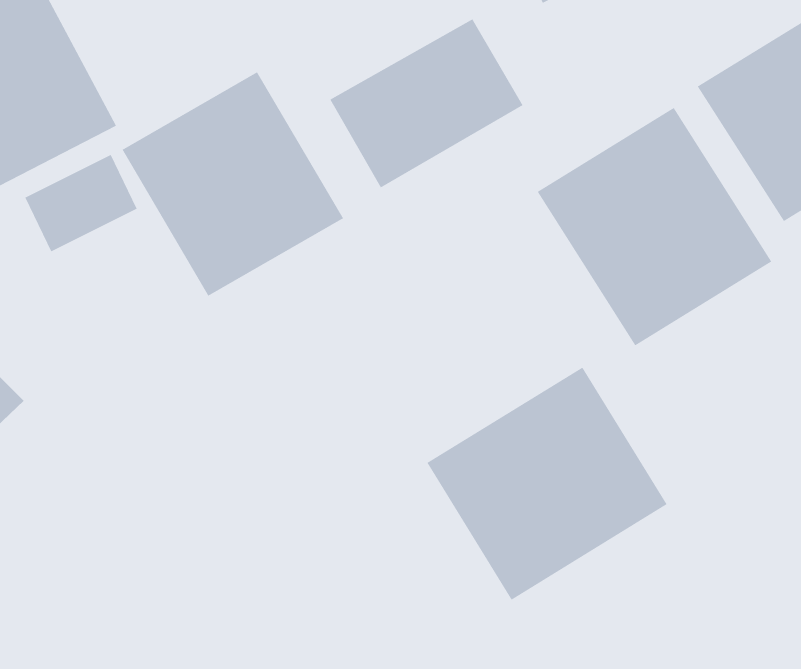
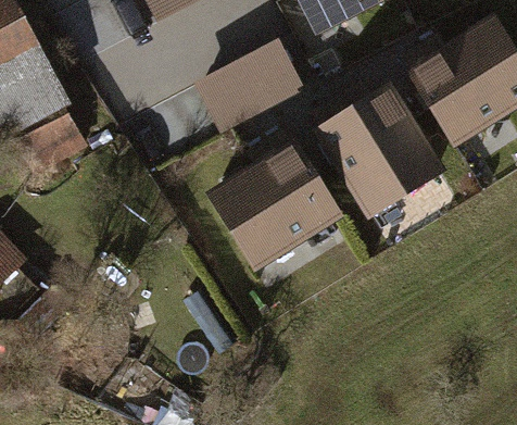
building: [122,72,344,296] -> none
building: [426,367,667,600] -> [206,140,345,275]

